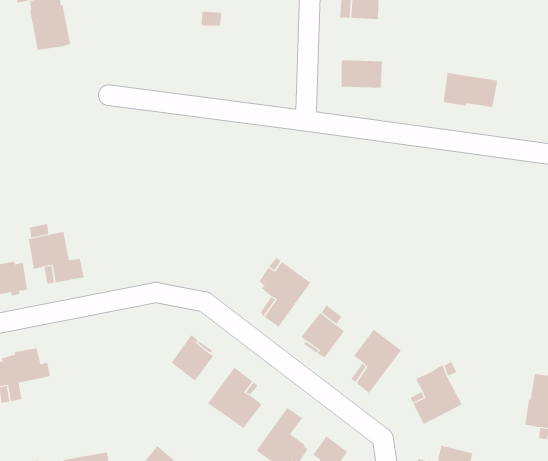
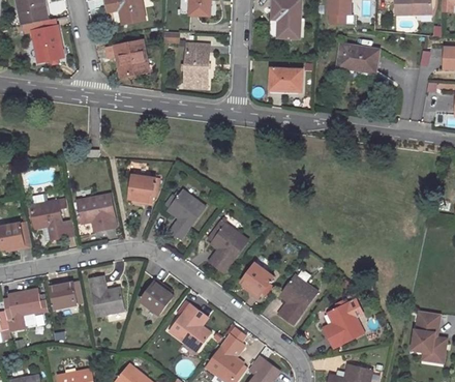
building: none -> [105,41,147,76]
building: none -> [184,43,209,79]
building: [443,73,498,108] -> [336,43,378,70]
building: none -> [128,174,158,204]
building: none -> [164,189,204,239]
building: none -> [77,194,116,230]
building: none -> [89,276,124,316]
building: none -> [50,282,83,308]

